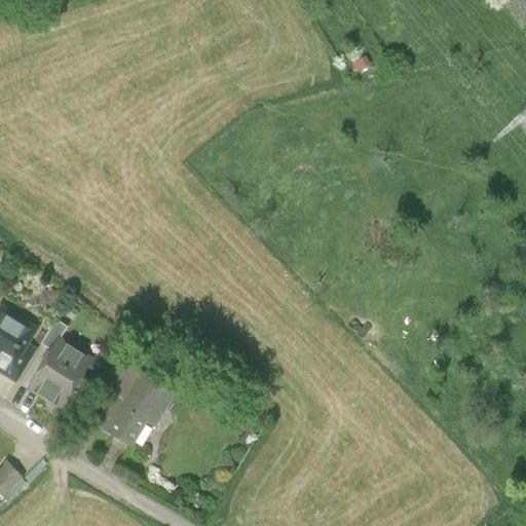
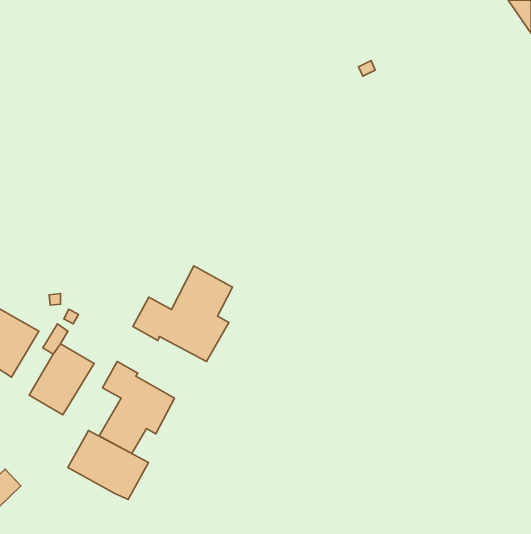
building: none -> [133,266,233,362]
building: none -> [68,430,148,500]

